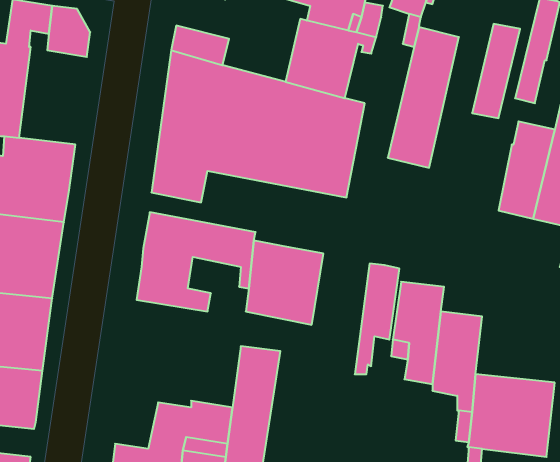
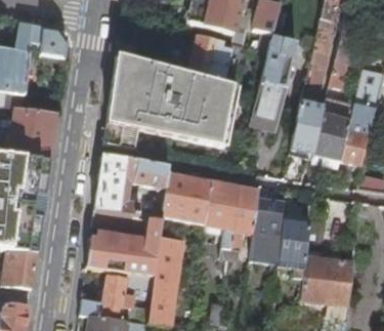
building: none -> [292,99,326,152]
building: none -> [204,179,240,254]
building: none -> [87,208,162,275]

